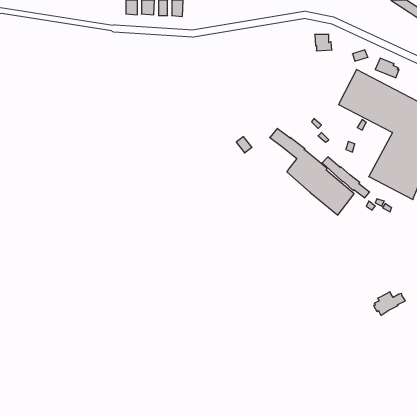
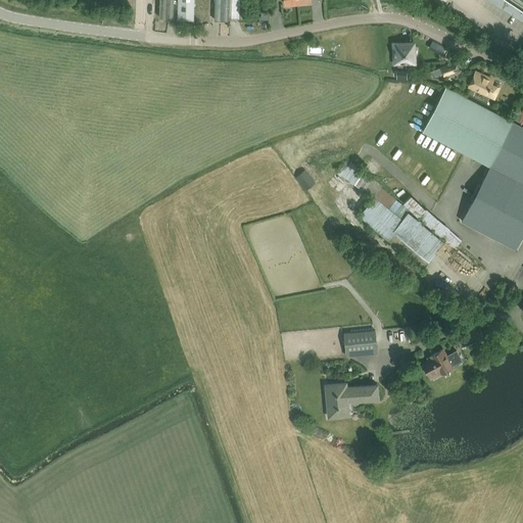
building: none -> [344,332,378,354]
building: [374,292,405,315] -> [423,350,463,380]
building: none -> [326,385,379,419]

